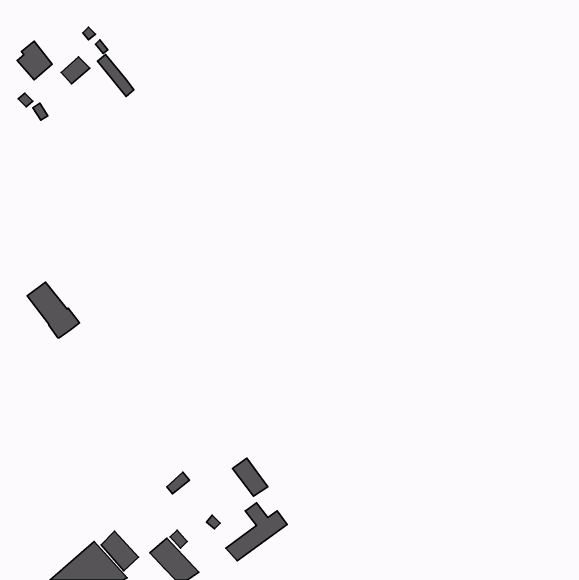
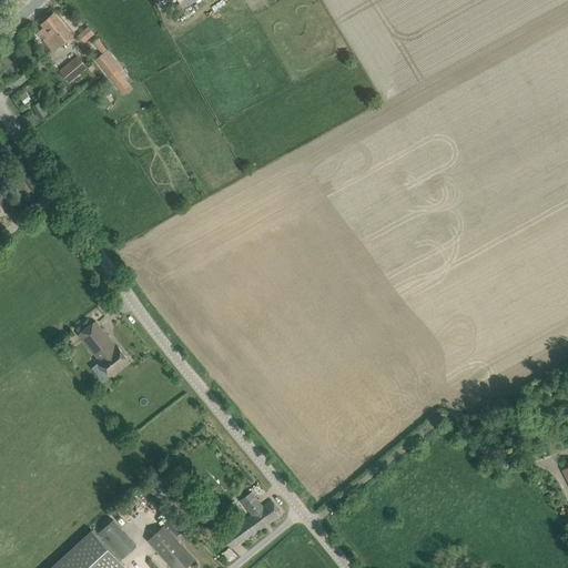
building: [17,41,52,80] -> [37,13,71,51]
building: [27,282,79,338] -> [78,321,129,375]
building: [232,458,268,496] -> none

